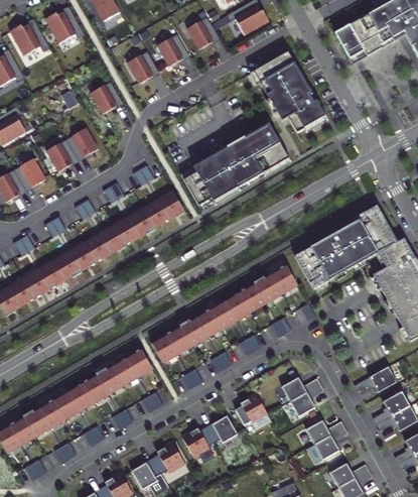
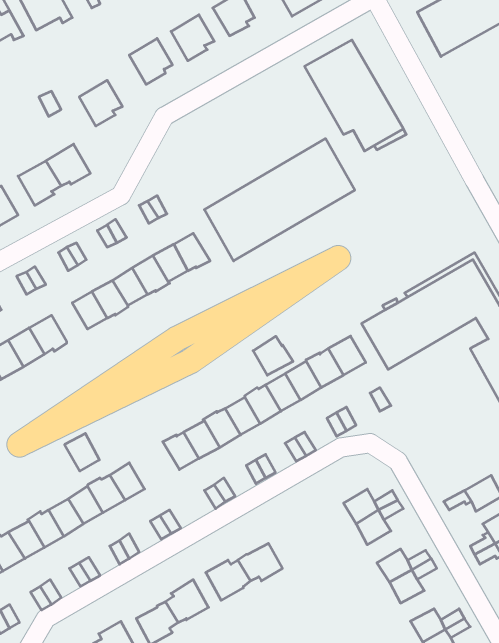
building: [69,242,96,270] -> none
building: none -> [253,336,293,375]
building: [126,350,151,377] -> [65,433,99,471]
building: [235,395,267,426] -> none

